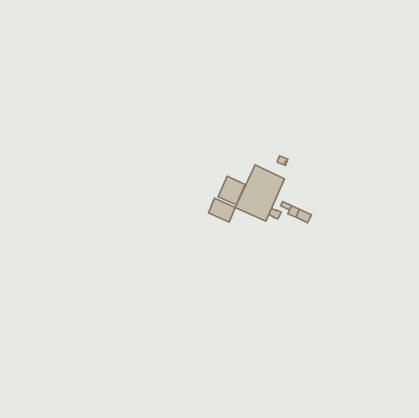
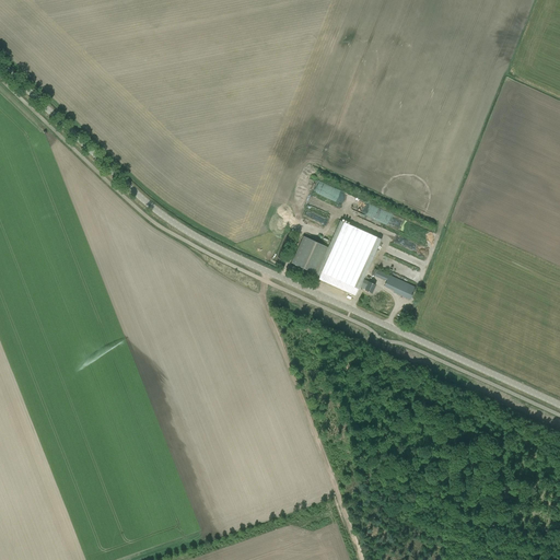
building: [208,198,235,222] -> none

